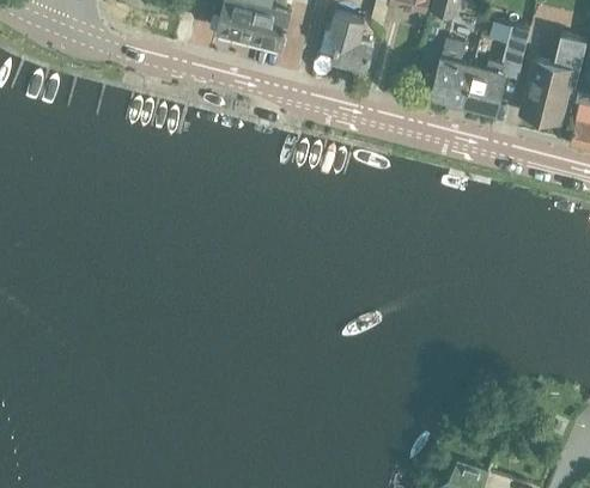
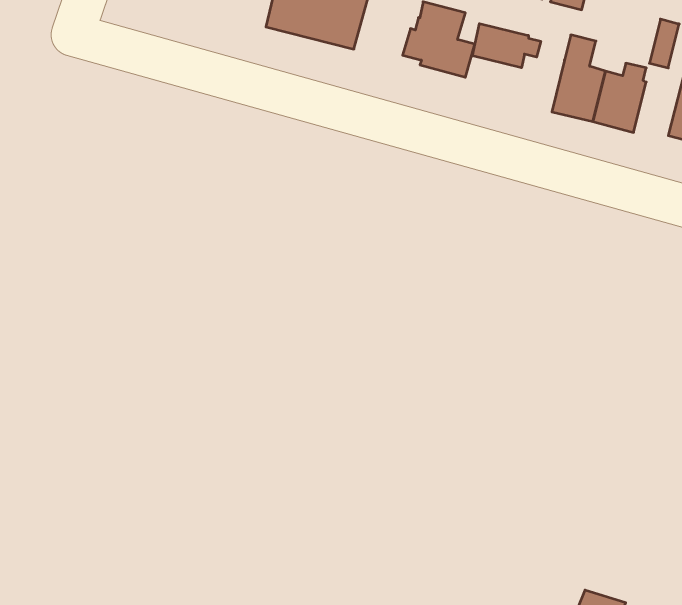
building: none -> [472,24,541,68]

